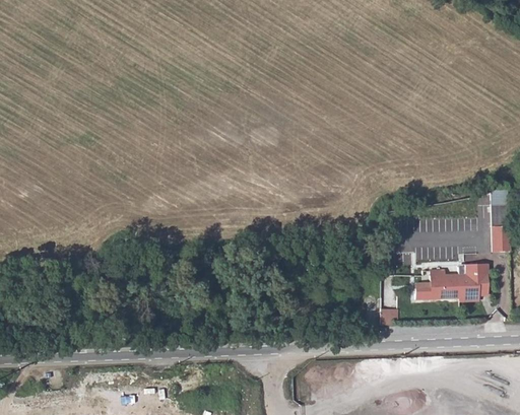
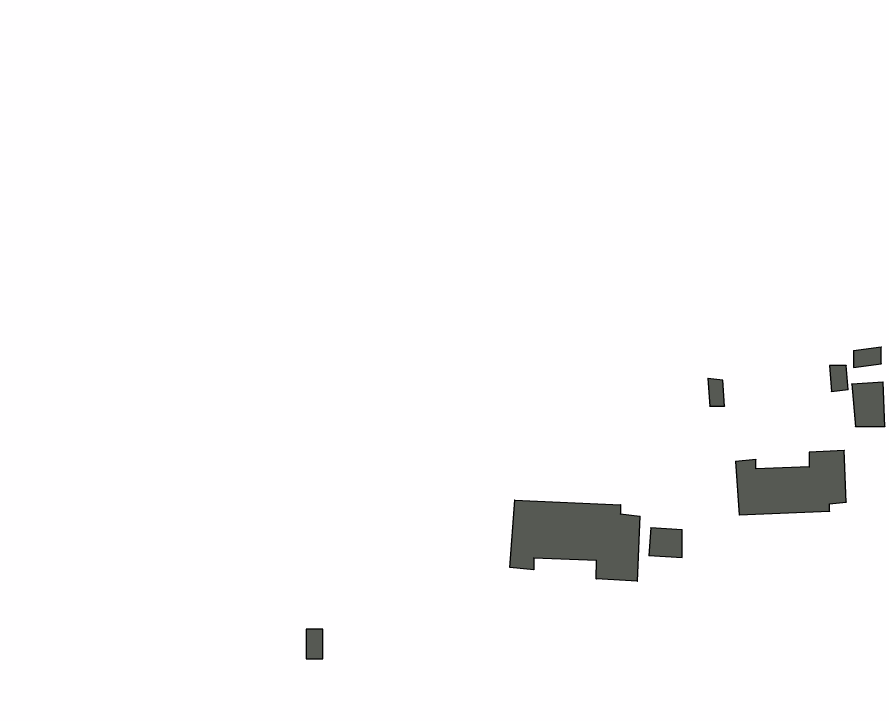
building: none -> [510,500,640,581]

